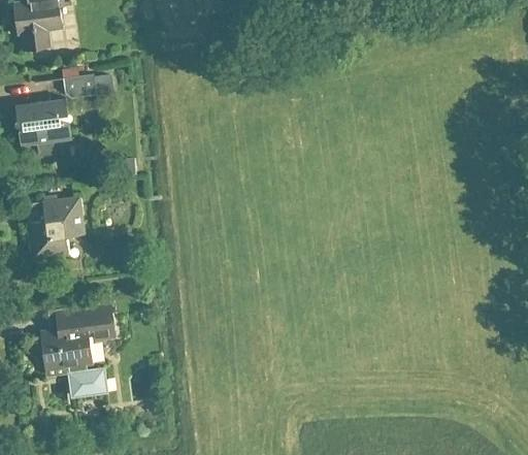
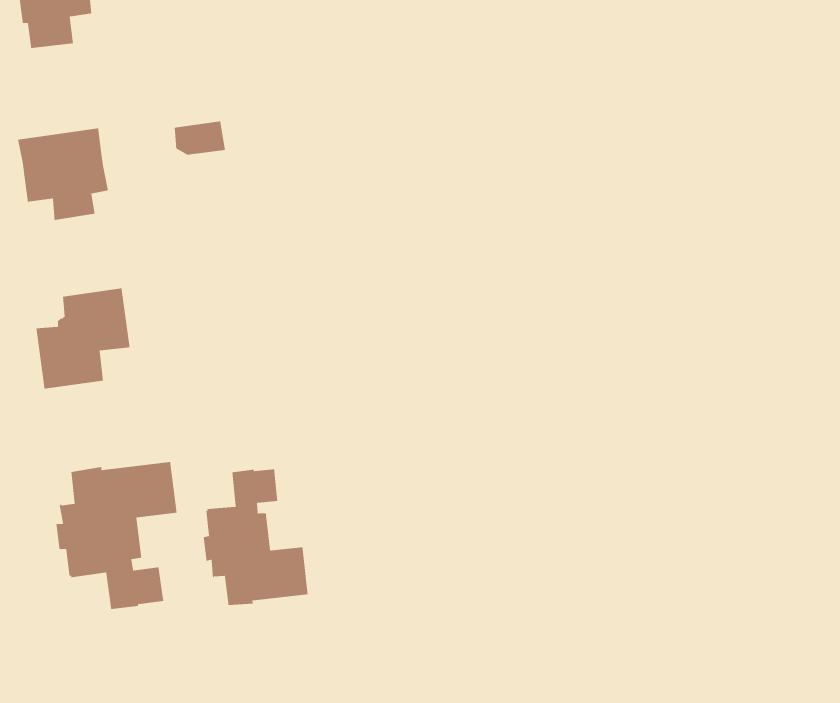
building: [64,75,96,97] -> [174,120,226,155]
building: none -> [203,468,308,606]

